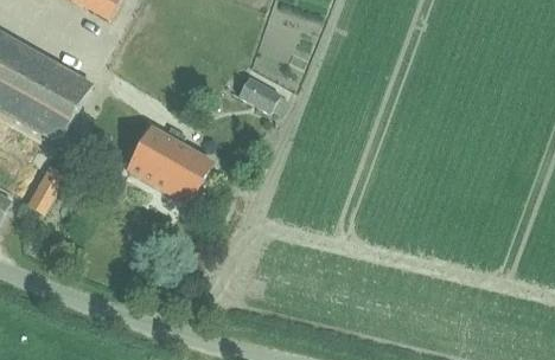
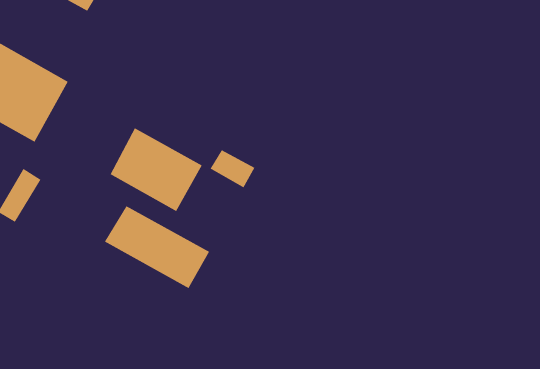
building: [238,78,280,114] -> [210,149,256,188]
building: none -> [104,205,210,289]

